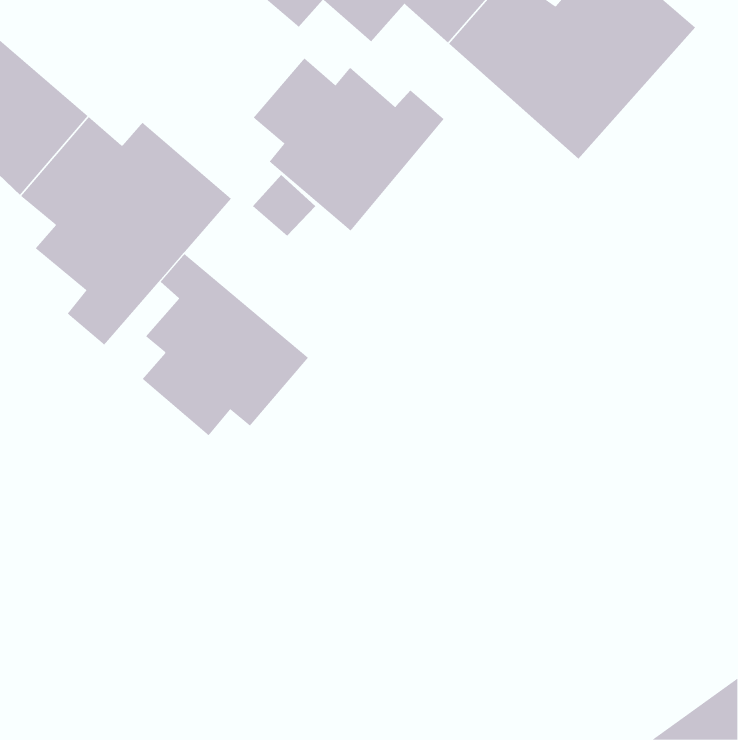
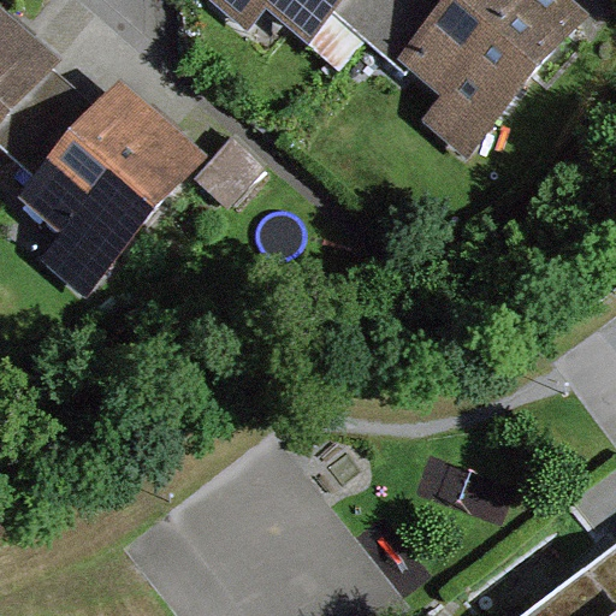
building: [253,58,444,232] -> none
building: [142,253,309,436] -> none

